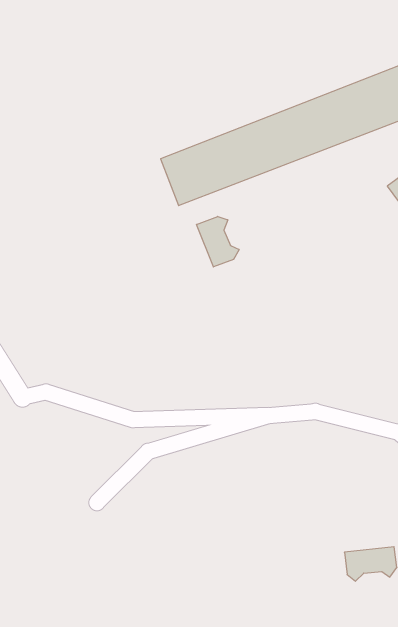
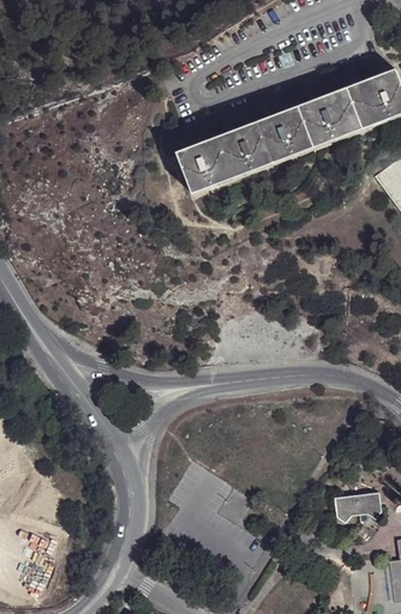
building: [197,216,239,267] -> none

